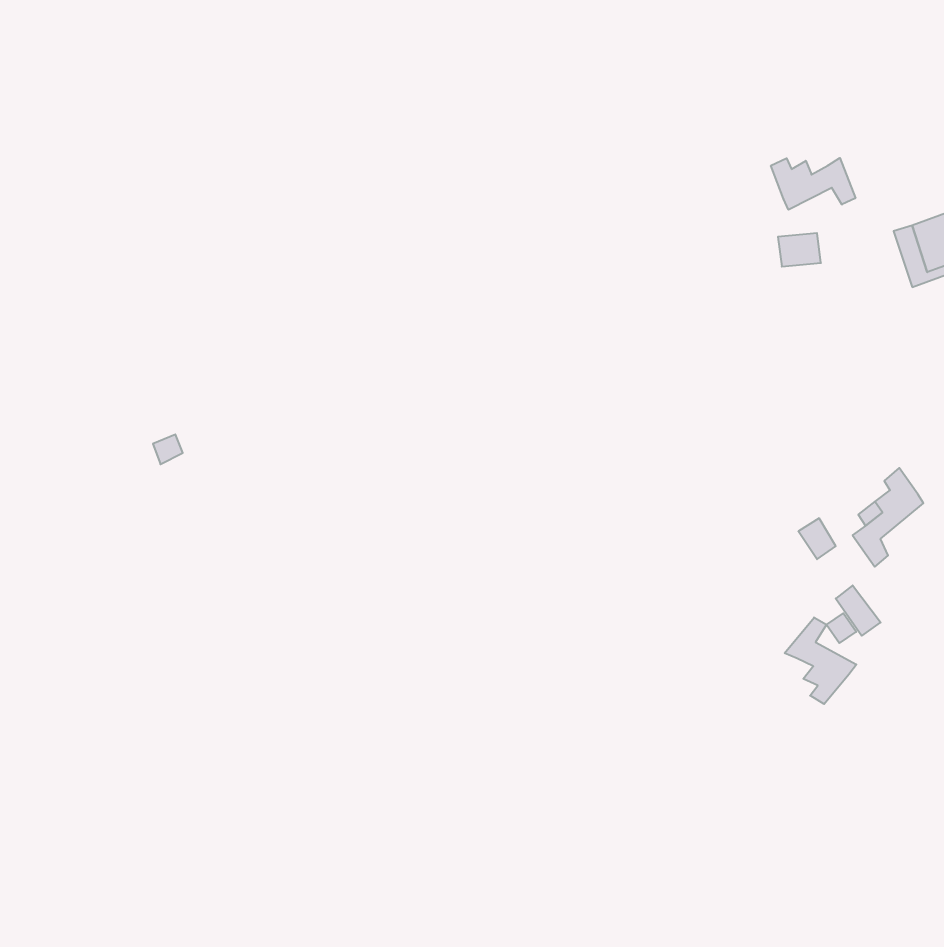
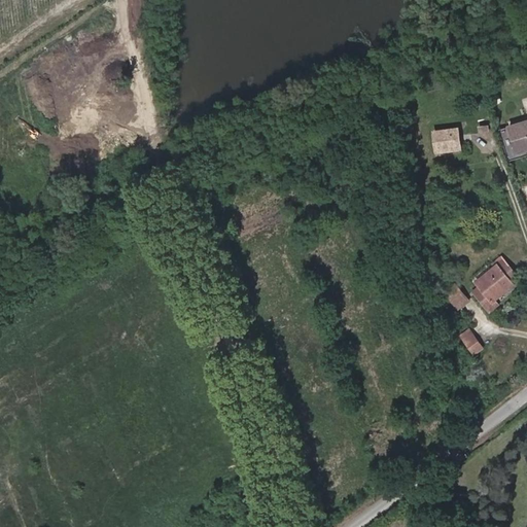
building: [771,158,855,210] -> none
building: [785,617,856,704] -> none

